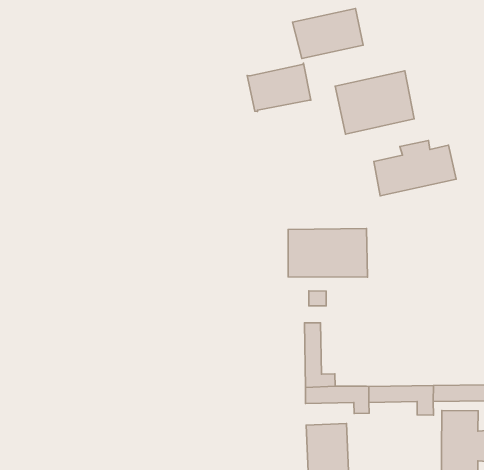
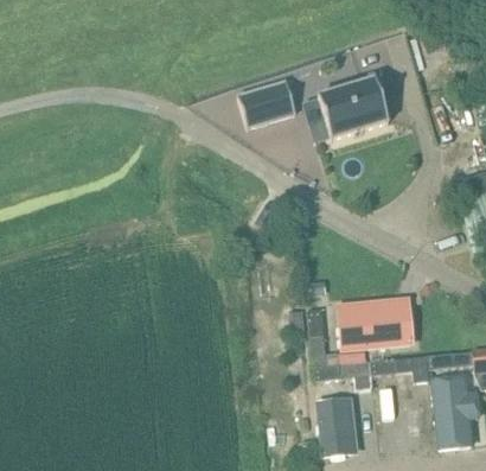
building: [293,8,363,58] -> none
building: [374,140,456,196] -> none
building: [288,229,367,277] -> [338,303,411,351]

